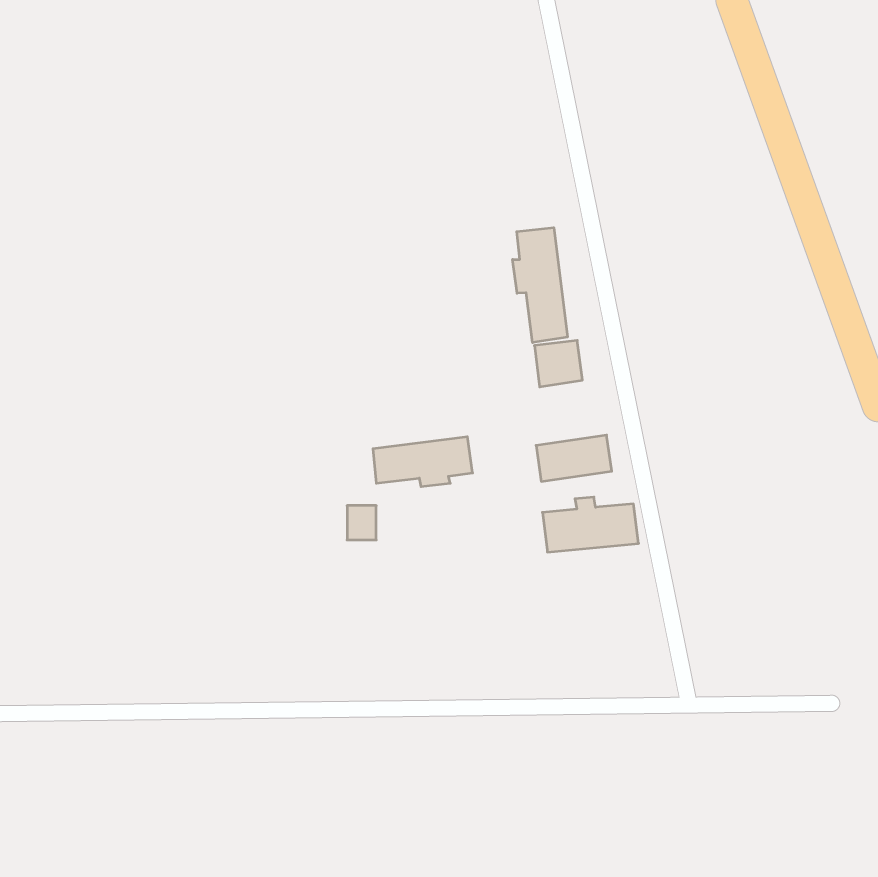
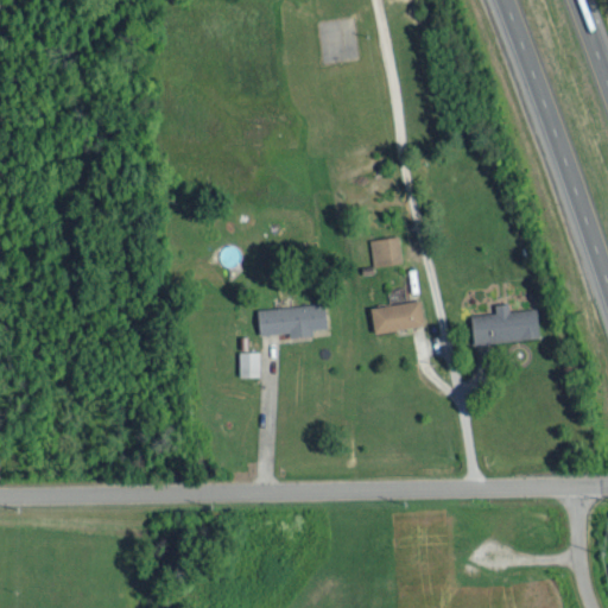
building: [513,228,567,343] -> none
building: [542,497,639,552] -> [471,309,538,347]

